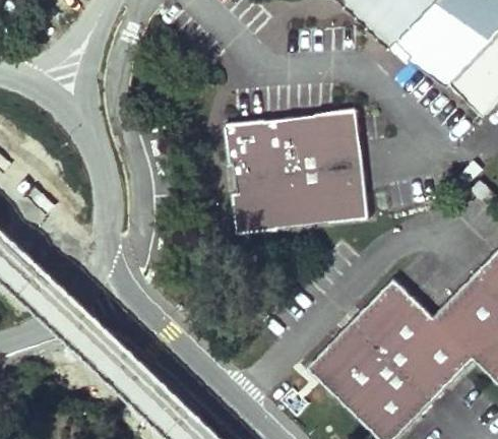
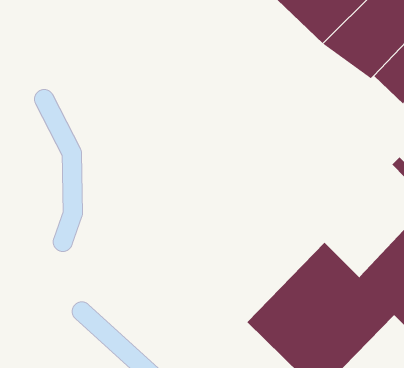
building: [225,108,372,233] -> none

